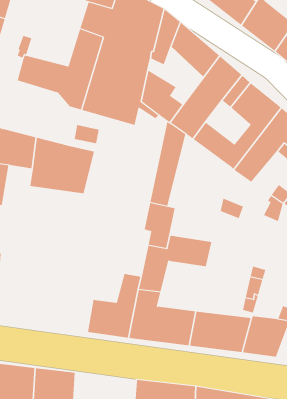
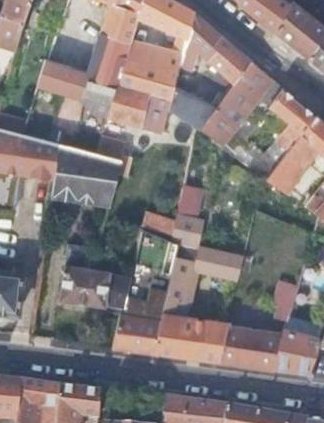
building: none -> [61,246,134,309]

